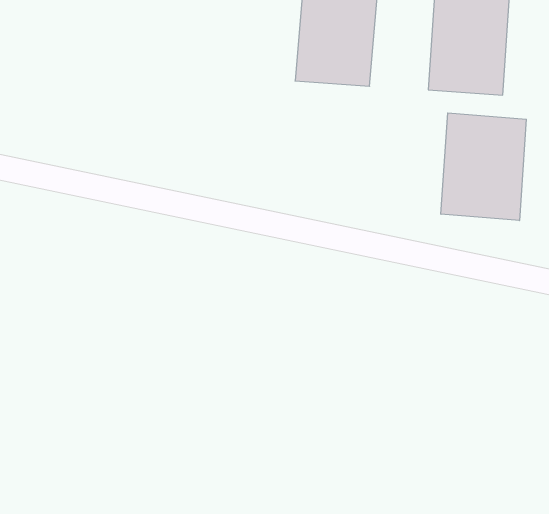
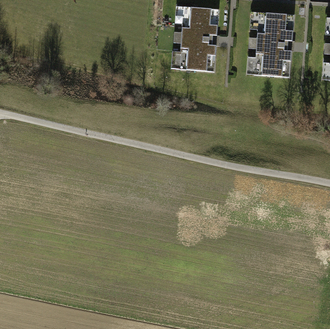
building: [441,113,526,221] -> none

